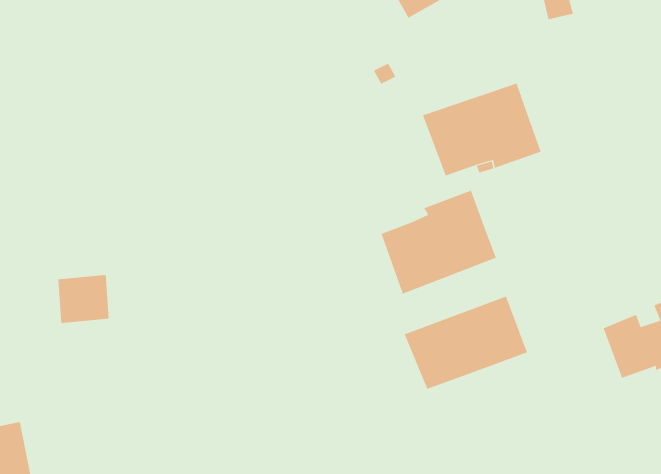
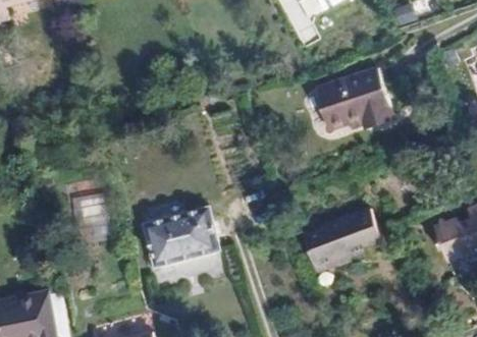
building: [381,190,497,295] -> none
building: none -> [146,207,220,266]

